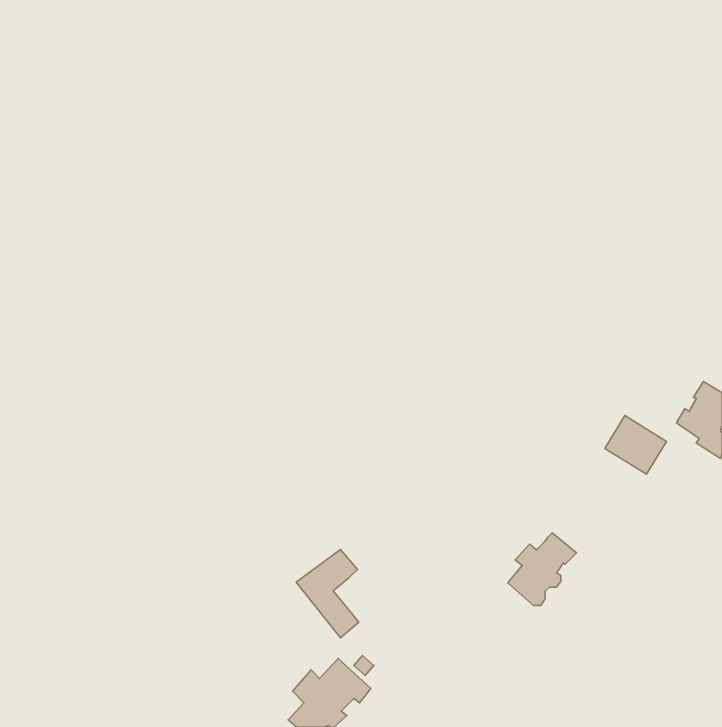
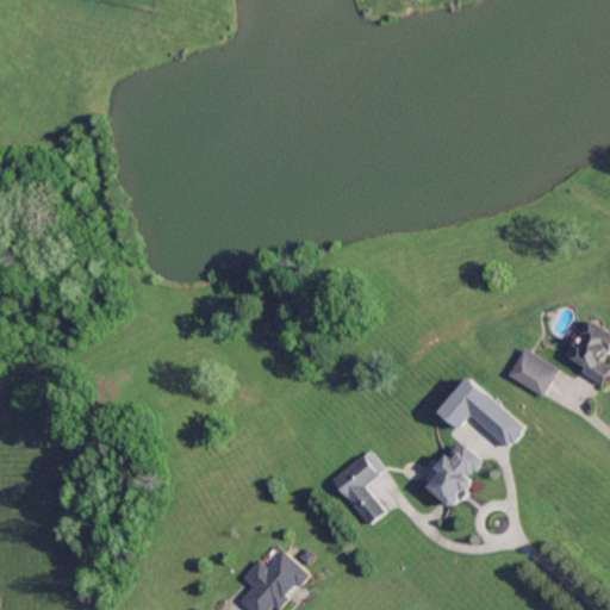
building: none -> [436,378,522,448]
building: [296,549,359,638] -> [330,450,382,524]

